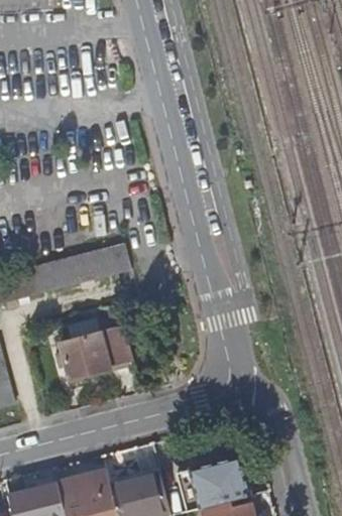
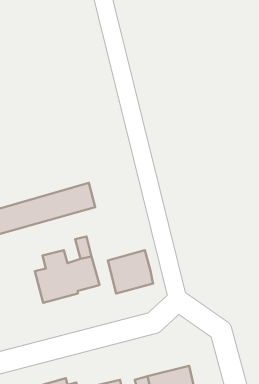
building: none -> [108,250,153,294]

